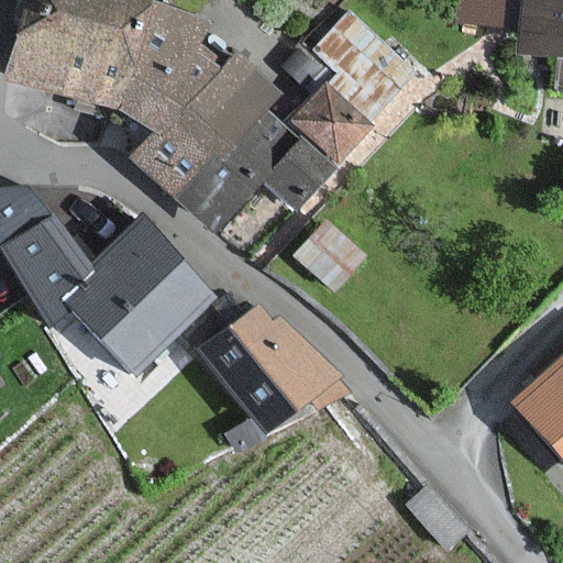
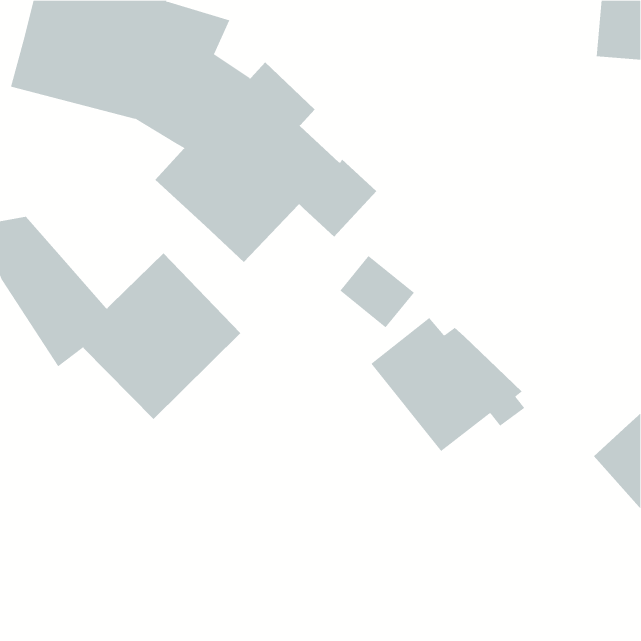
building: [295,15,416,161] -> none
building: [206,311,341,429] -> [370,317,525,452]

